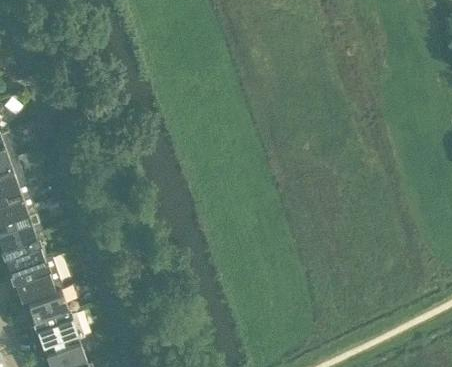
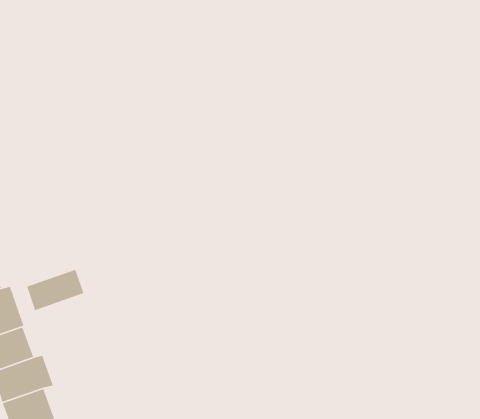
building: none -> [26,269,84,311]

